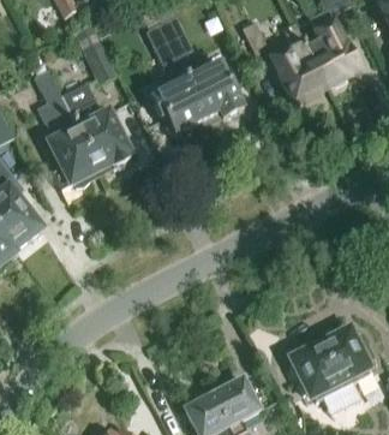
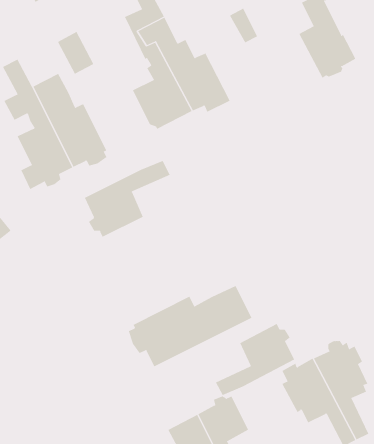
building: [271,23,327,103] -> none
building: none -> [84,160,170,237]
building: none -> [128,285,252,367]
building: none -> [215,323,295,396]

